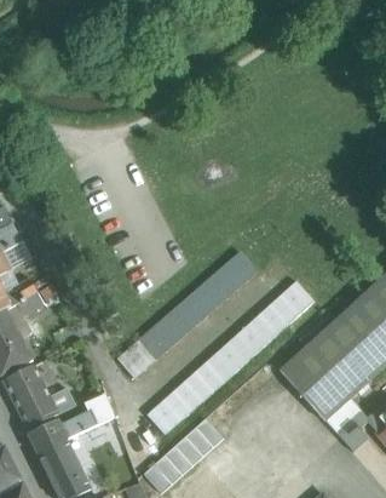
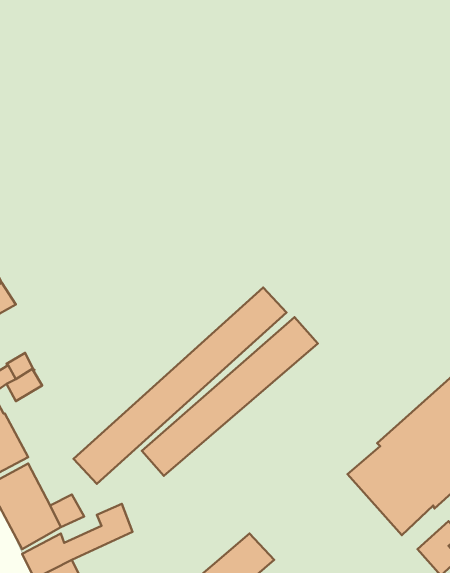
building: [149,279,315,431] -> [73,287,287,484]

